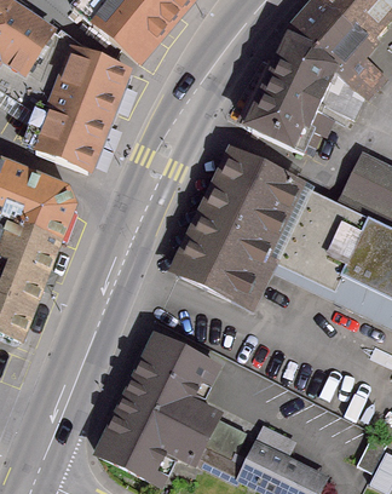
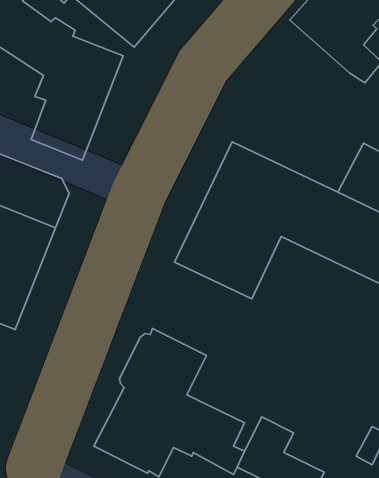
building: [246,34,363,153] -> none

